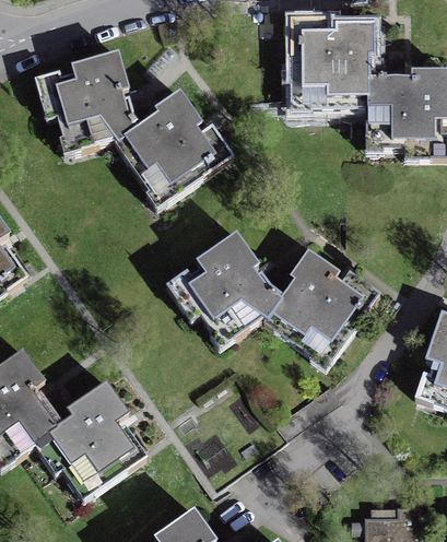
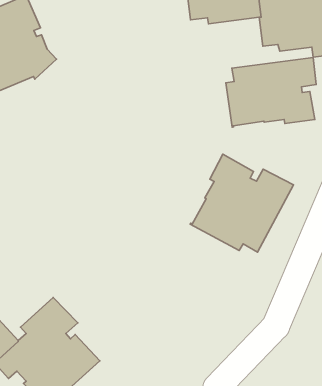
building: [116,90,234,201] -> none
building: none -> [226,57,316,127]
building: [166,231,284,340] -> none

